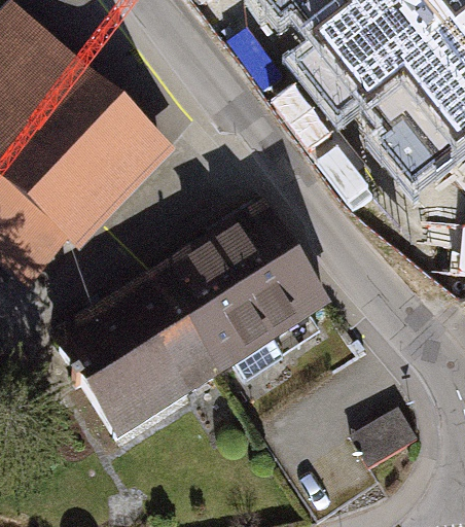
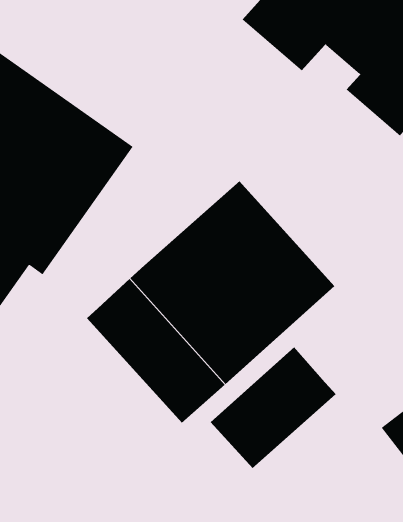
building: [47,293,177,440] -> none
building: none -> [210,347,336,469]

